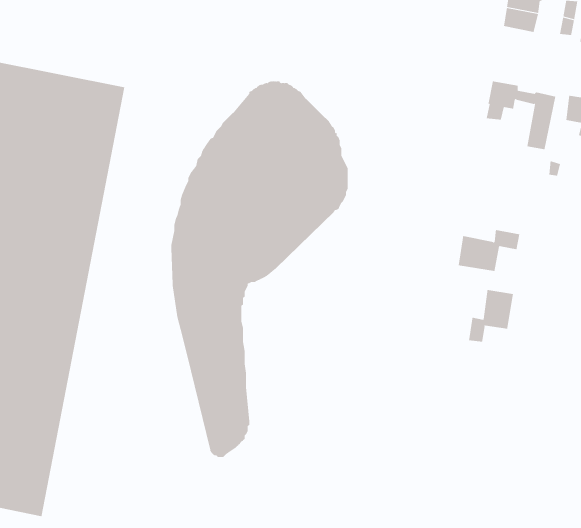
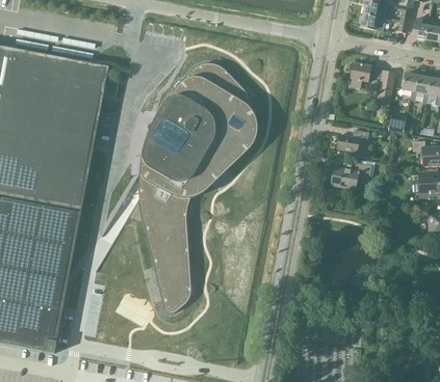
building: none -> [336,129,368,152]
building: [469,289,513,343] -> none

